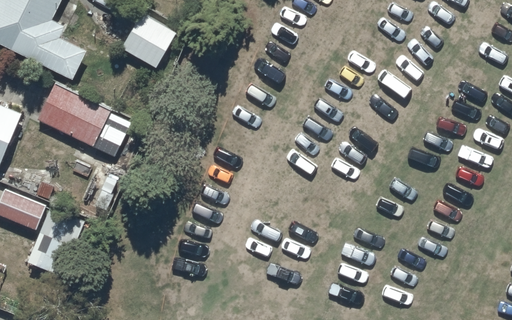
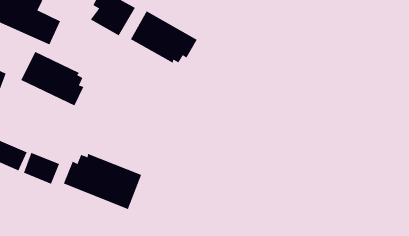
building: none -> [130,10,197,64]
building: none -> [63,153,142,210]

